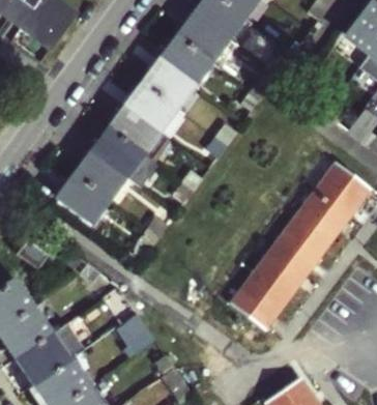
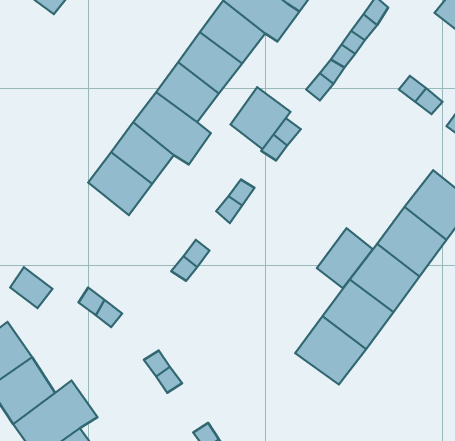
building: none -> [230,87,290,149]
building: [58,174,106,221] -> none
building: none -> [317,228,373,288]

